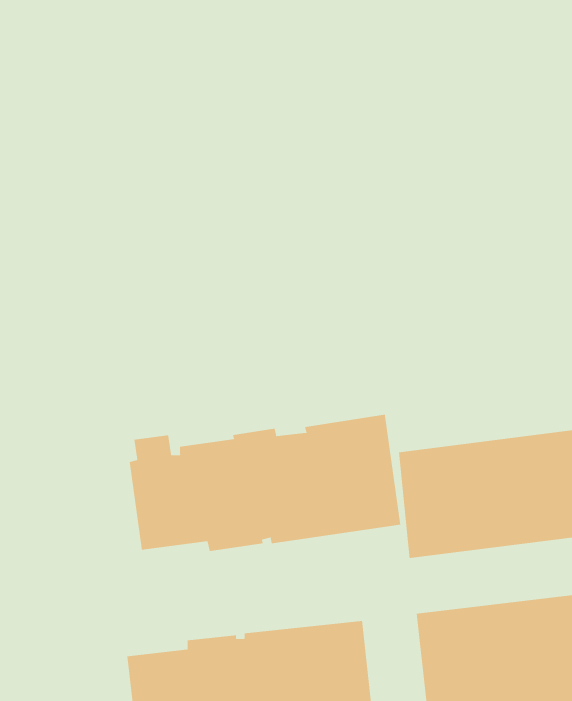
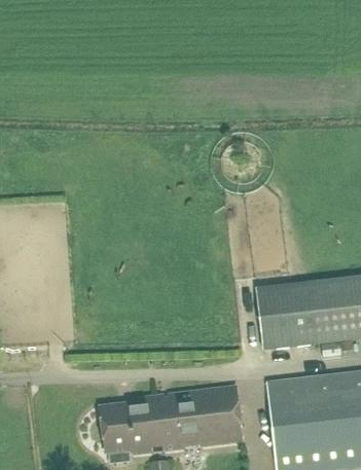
building: [129,414,401,552] -> none

